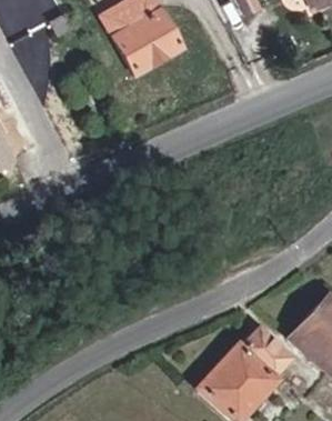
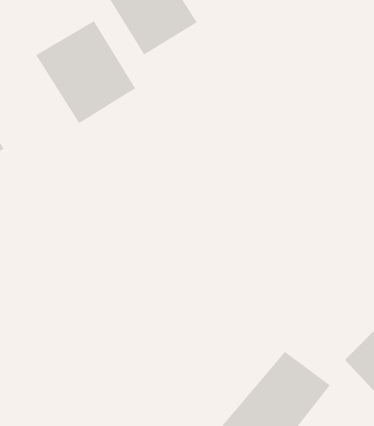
building: none -> [35,20,136,124]

